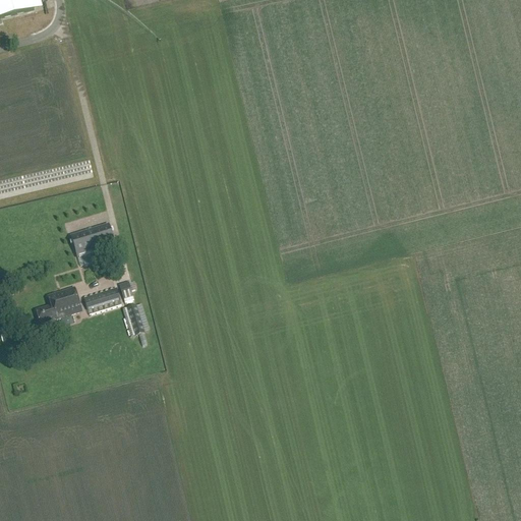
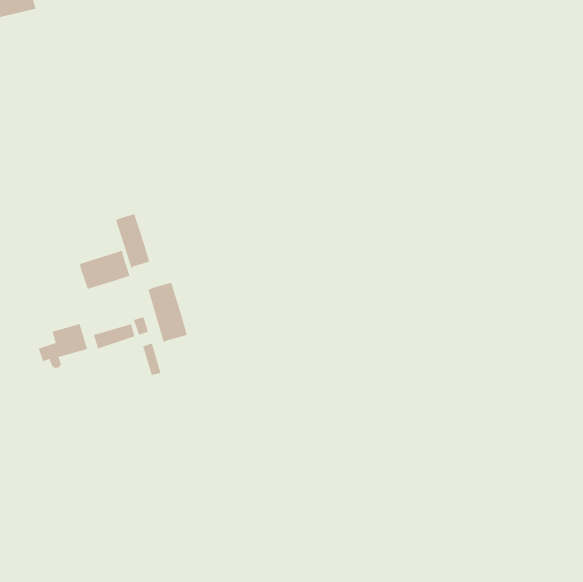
building: none -> [115,213,150,269]
building: none -> [147,282,188,343]

